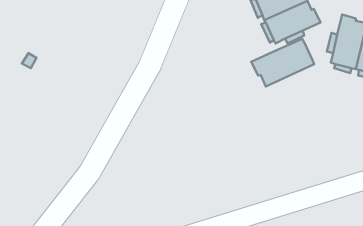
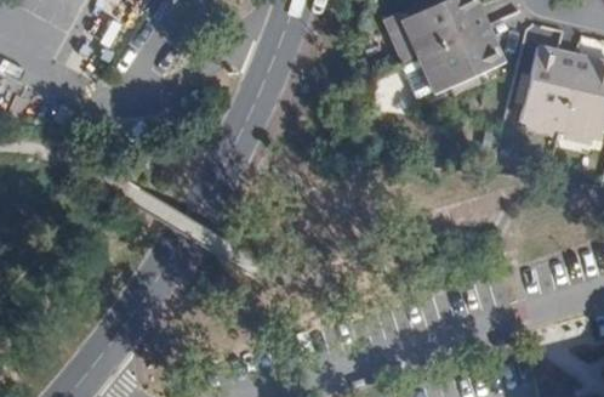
building: [251,39,314,87] -> none

